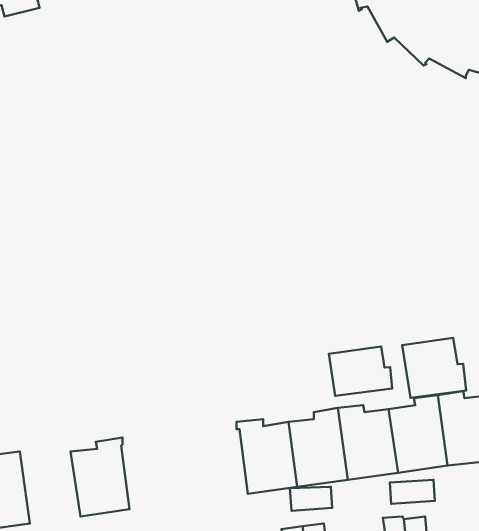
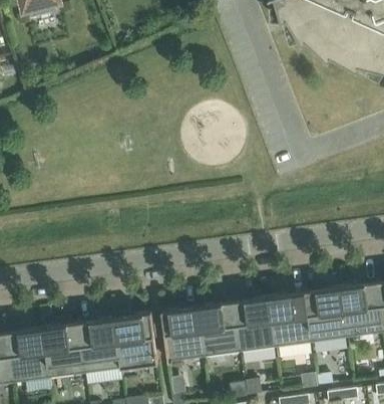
building: [402,338,466,398] -> none
building: [329,347,392,396] -> none
building: none -> [160,309,205,362]
building: none -> [114,312,157,368]
building: none -> [42,325,85,378]

